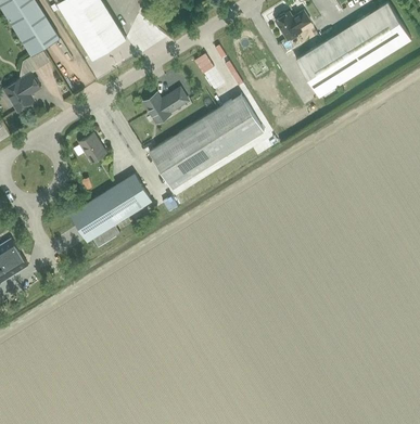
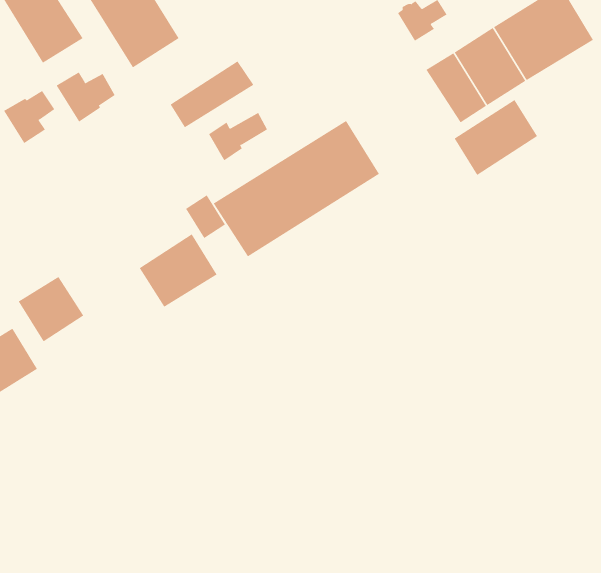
building: none -> [170,61,254,128]
building: none -> [56,71,116,123]
building: none -> [454,99,538,176]
building: [78,133,106,164] -> [185,195,226,239]
building: [69,197,115,243] -> [18,276,84,342]

